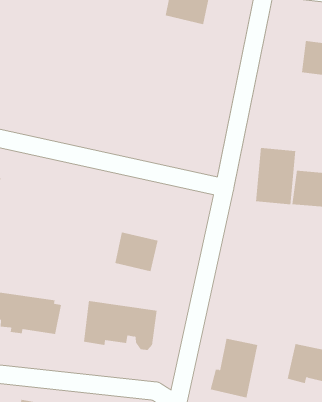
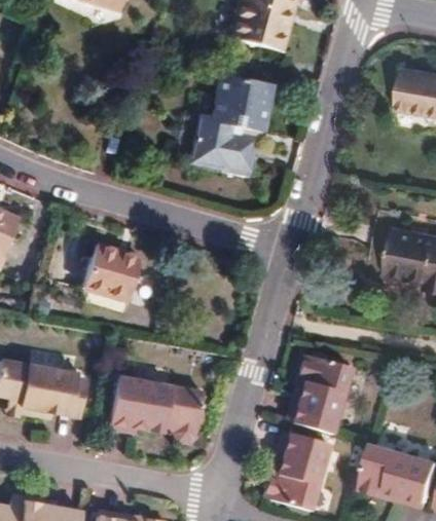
building: none -> [191,75,269,176]
building: [256,147,296,205] -> none
building: [115,232,158,272] -> [85,248,141,299]
building: none -> [290,357,347,434]

